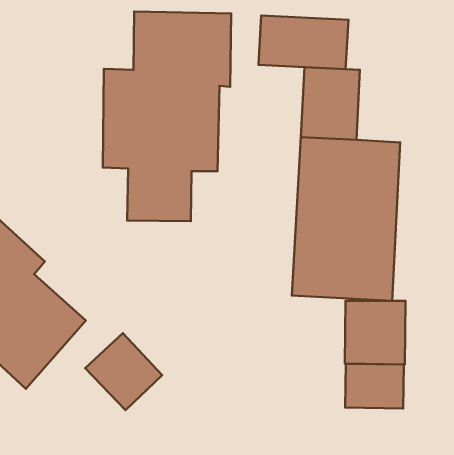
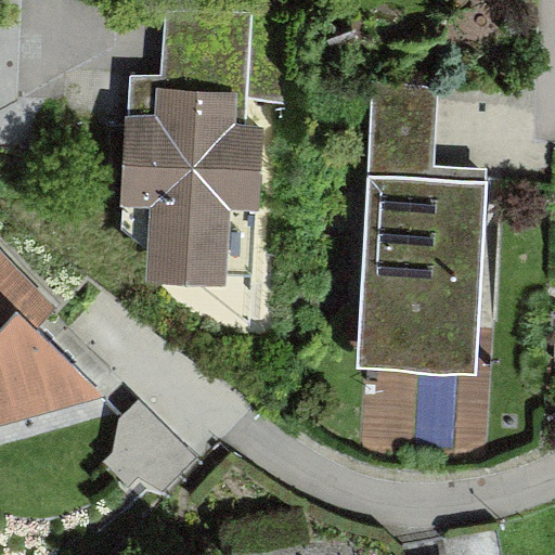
building: [258,15,348,69] -> none
building: [345,364,404,408] -> none

